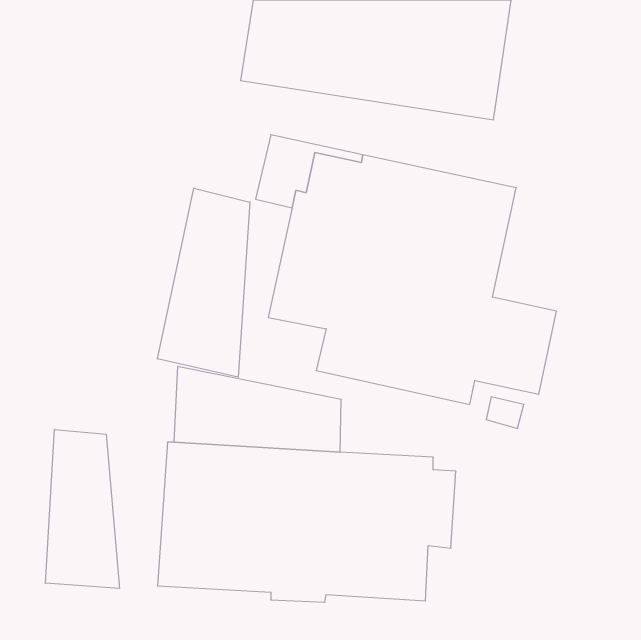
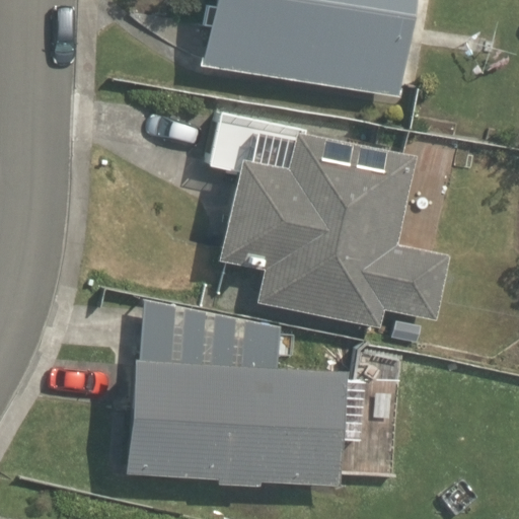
building: [157,188,250,377] -> none
building: [45,429,119,588] -> none

